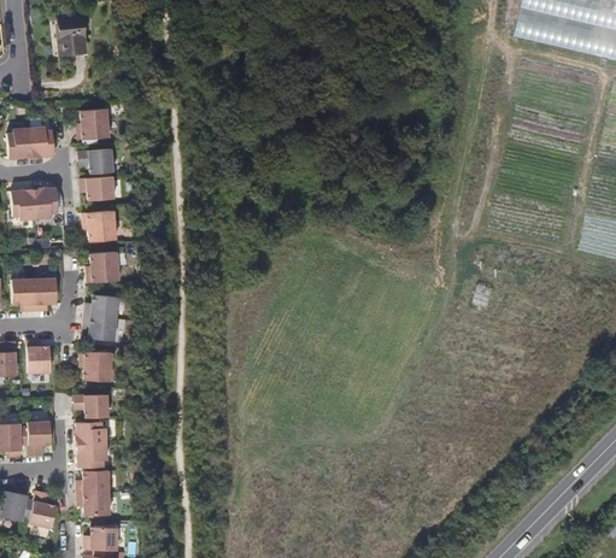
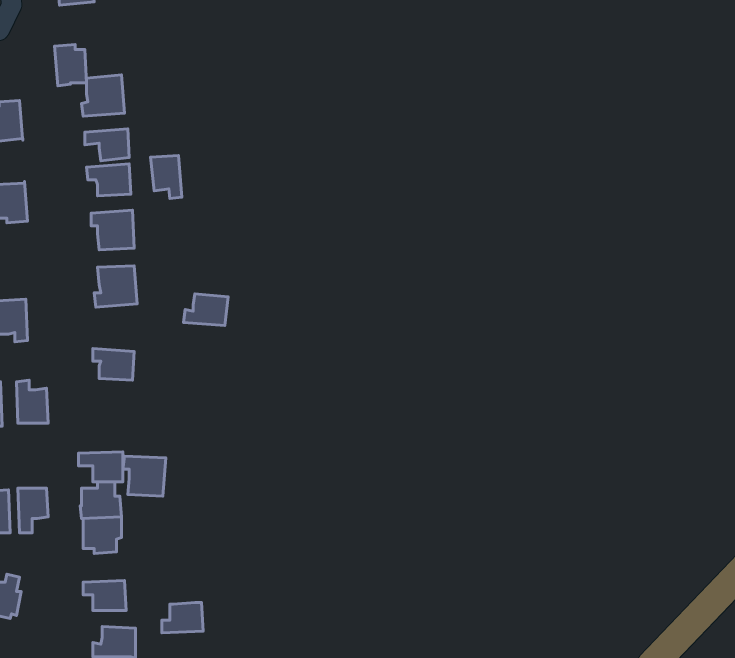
building: [29,127,53,158] -> [55,45,86,86]
building: none -> [151,155,182,199]
building: [33,188,58,219] -> none
building: [34,278,57,310] -> none
building: [84,294,118,318] -> [184,294,228,326]
building: [80,351,112,381] -> [123,456,166,496]
building: [77,470,108,493] -> [162,603,203,633]
building: [27,491,55,528] -> none

